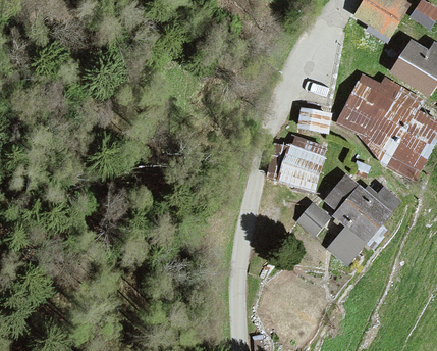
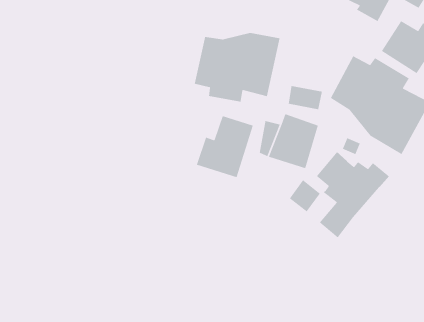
building: none -> [194,32,280,103]
building: none -> [196,115,254,178]

